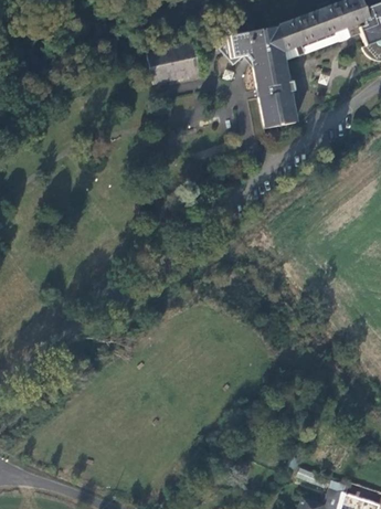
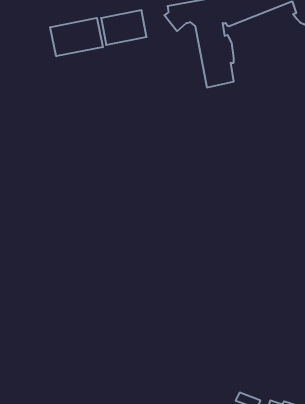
building: none -> [50,18,103,56]

